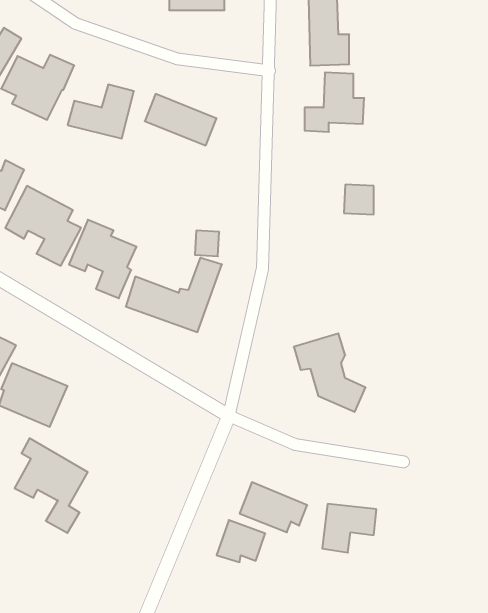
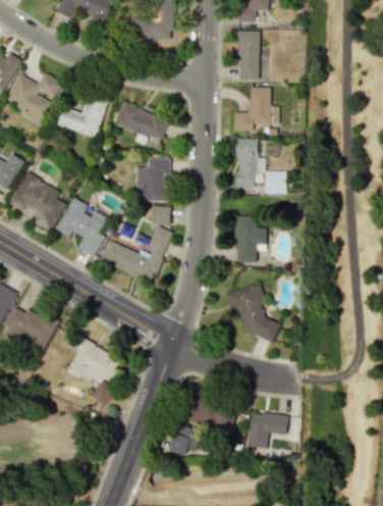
building: none -> [236,138,265,187]
building: none -> [135,157,169,201]
building: none -> [235,215,266,261]
building: [15,438,88,533] -> [66,334,121,405]

